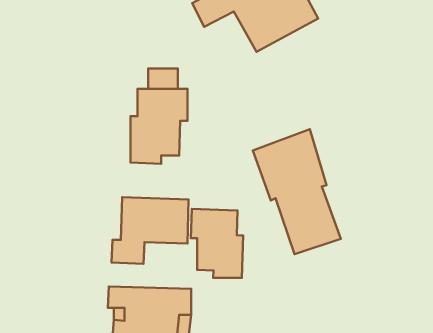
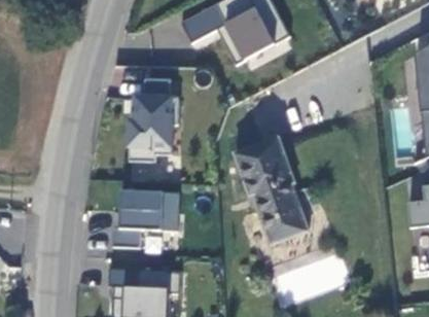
building: [191,209,243,278] -> none

